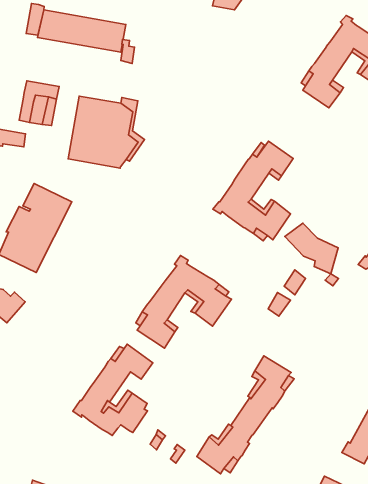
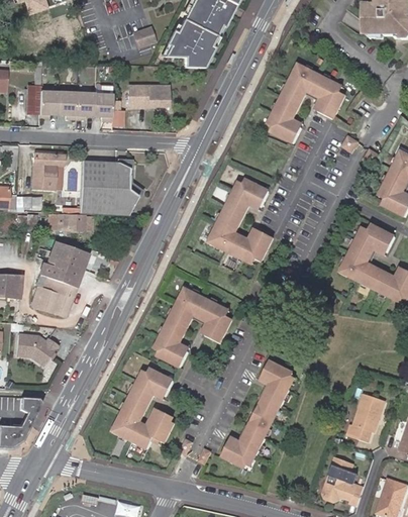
building: none -> [128,86,167,106]
building: none -> [46,214,91,233]
building: [285,223,338,274] -> none

